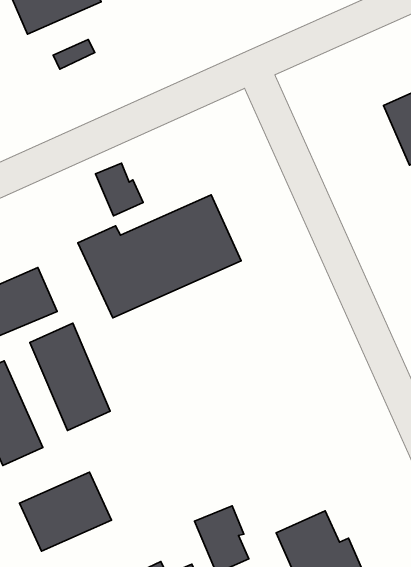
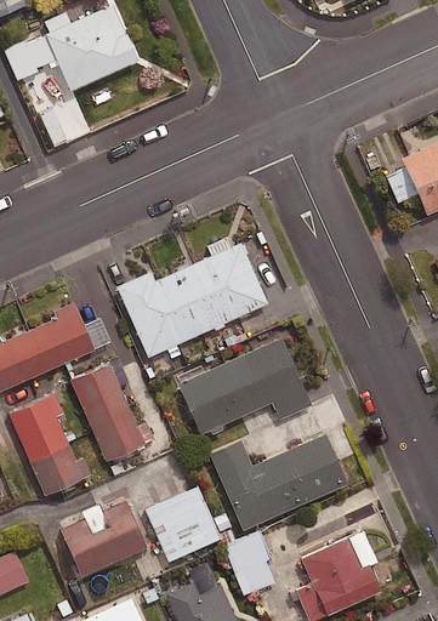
building: [95,163,143,216] -> none
building: none -> [177,338,303,434]
building: none -> [210,433,348,530]
building: none -> [146,486,221,562]

